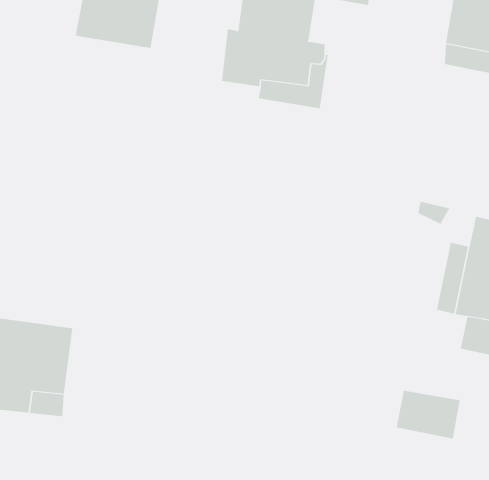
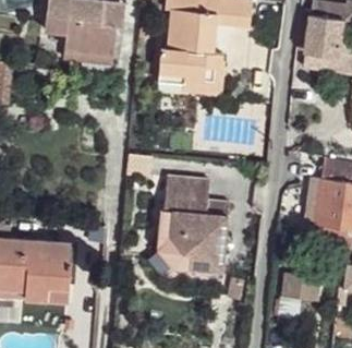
building: none -> [159,172,229,272]

